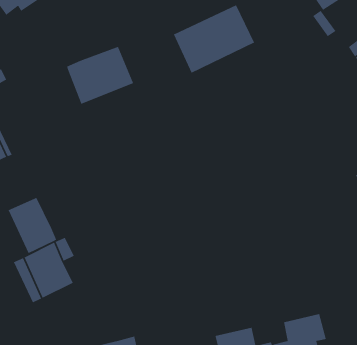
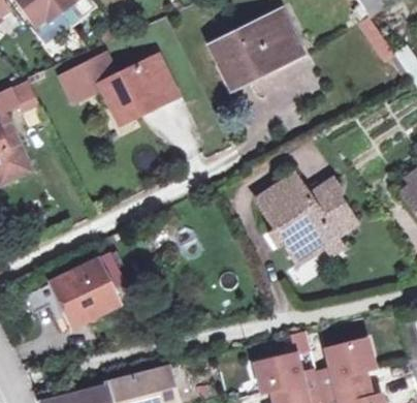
building: none -> [55,50,111,95]
building: none -> [262,175,359,258]
building: [8,197,57,254] -> none

